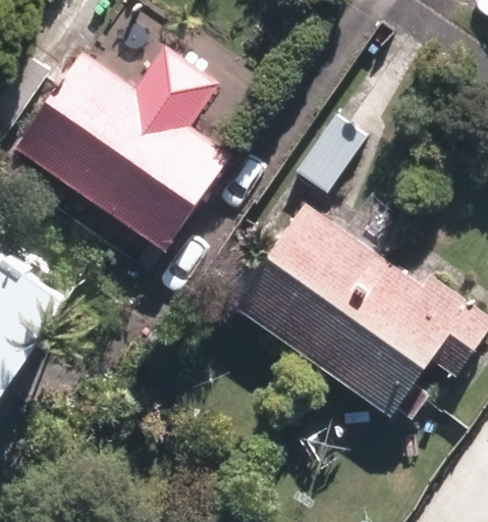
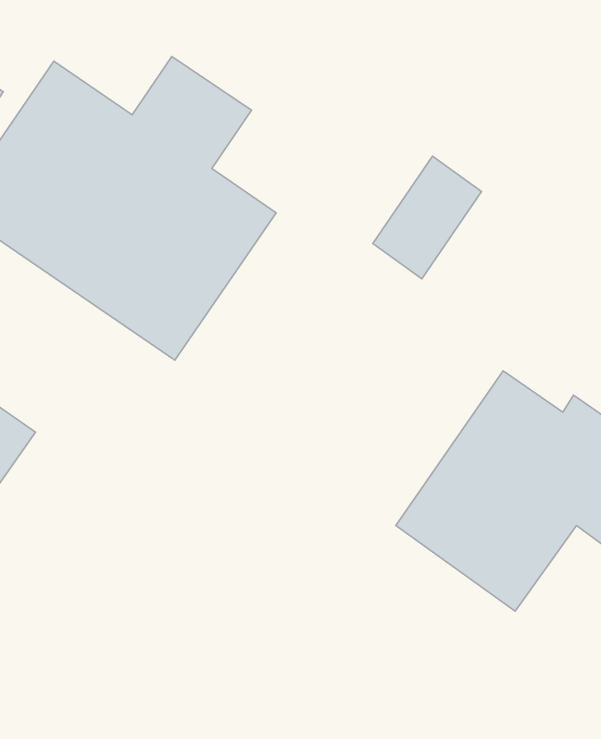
building: [231,203,380,360] -> none

